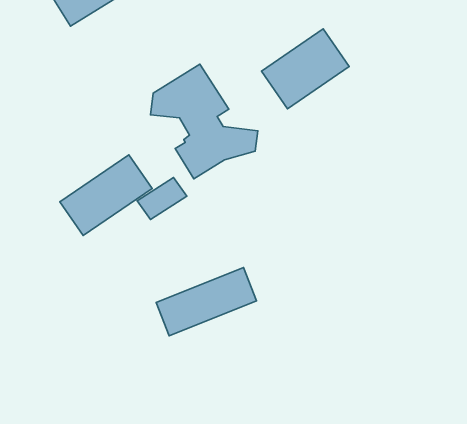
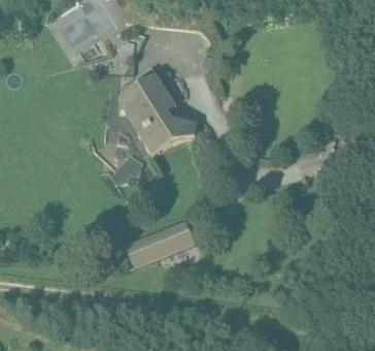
building: [261,29,349,109] -> none
building: [60,155,152,236] -> none

